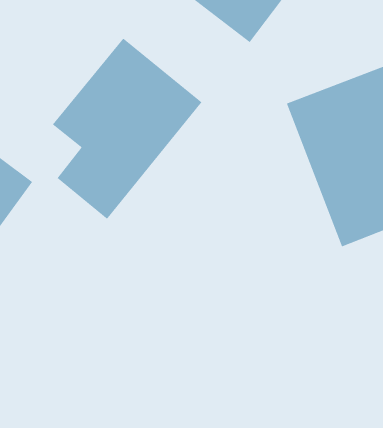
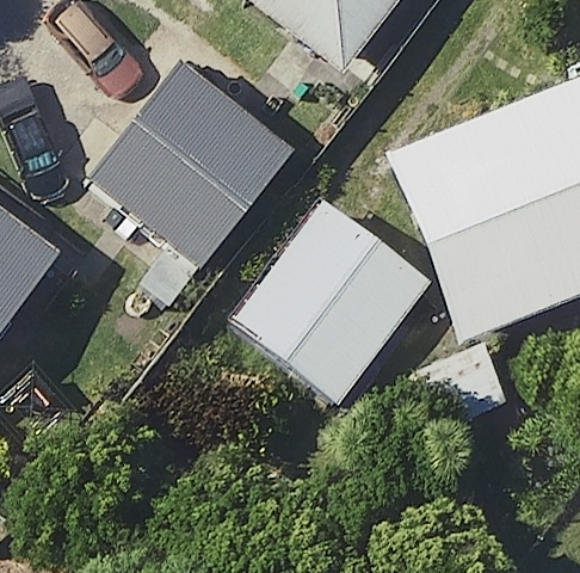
building: none -> [229,195,427,396]

